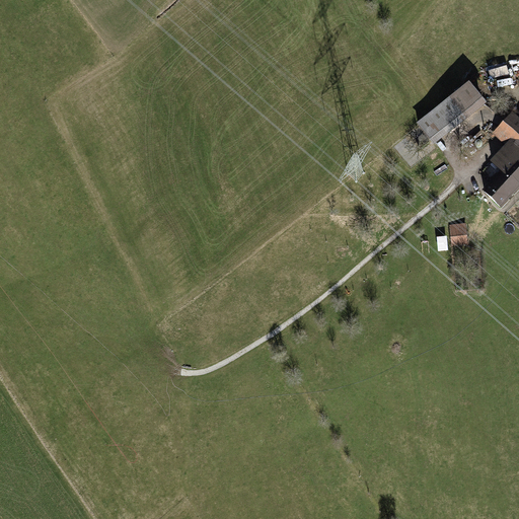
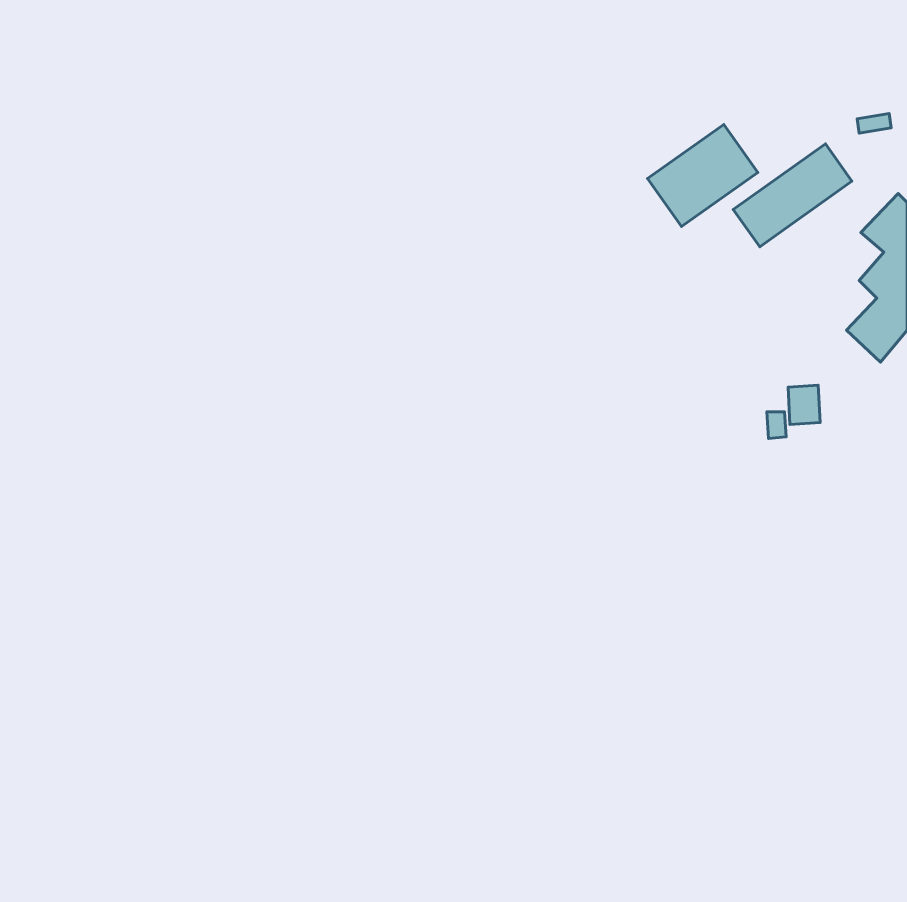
building: none -> [647,124,758,227]

